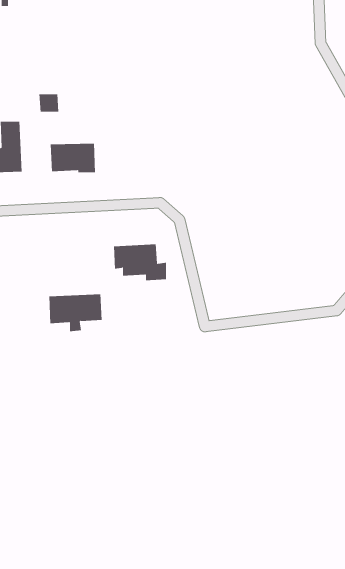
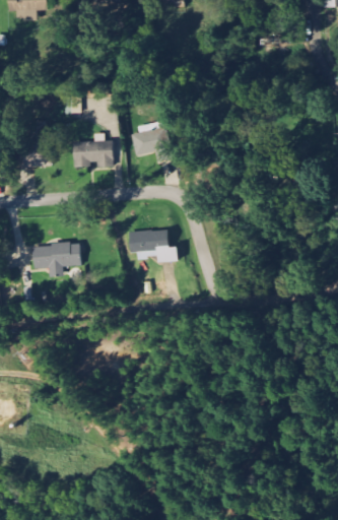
building: none -> [131,127,172,161]
building: [48,294,102,332] -> [32,242,80,275]

